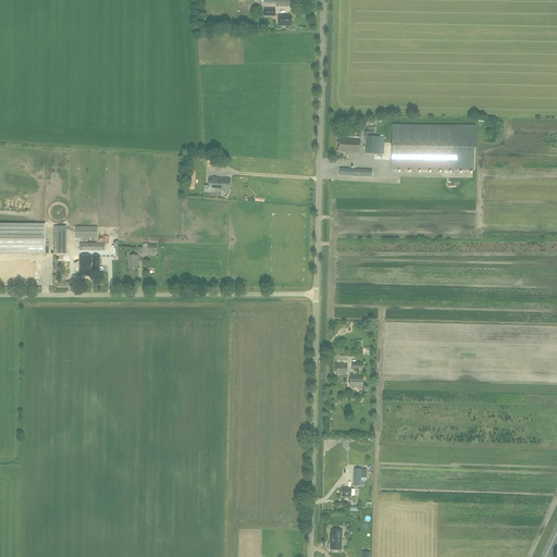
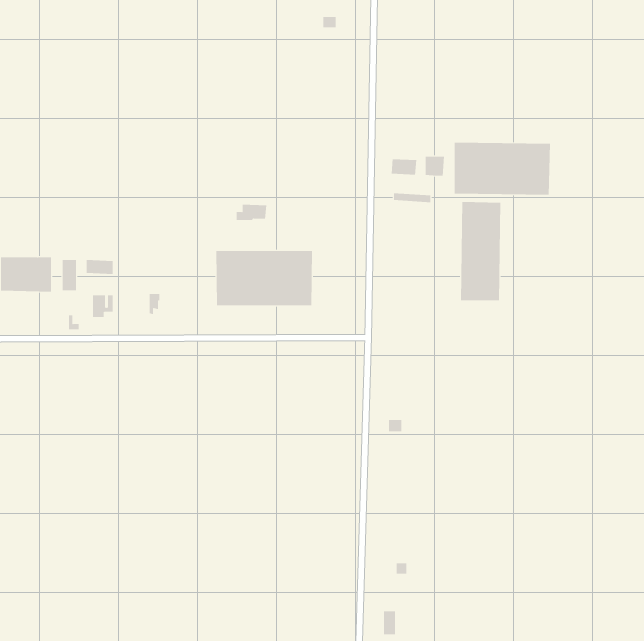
building: none -> [461,201,501,301]
building: none -> [216,250,313,306]

